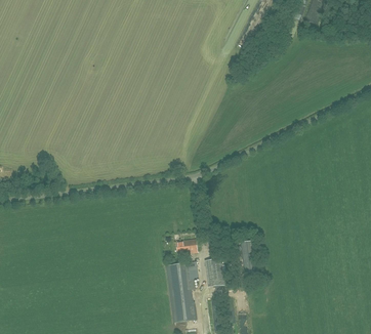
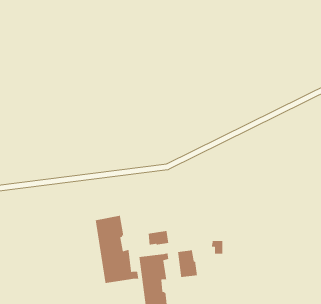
building: none -> [95,215,139,284]

